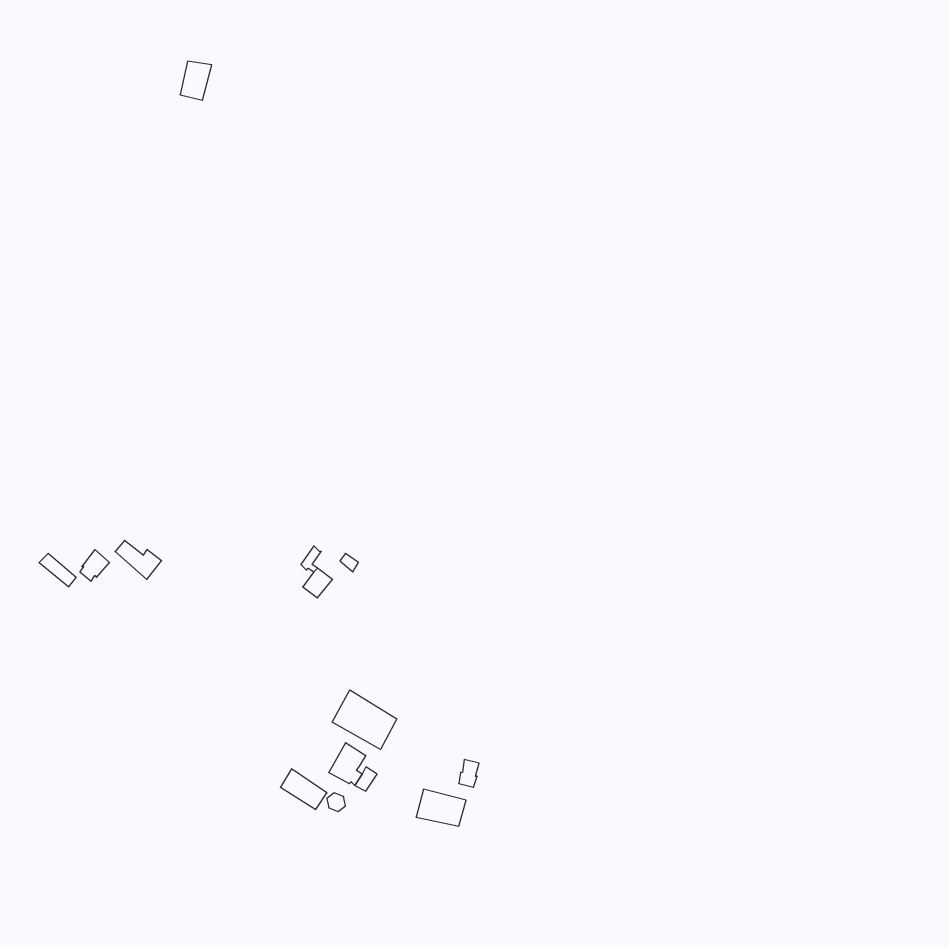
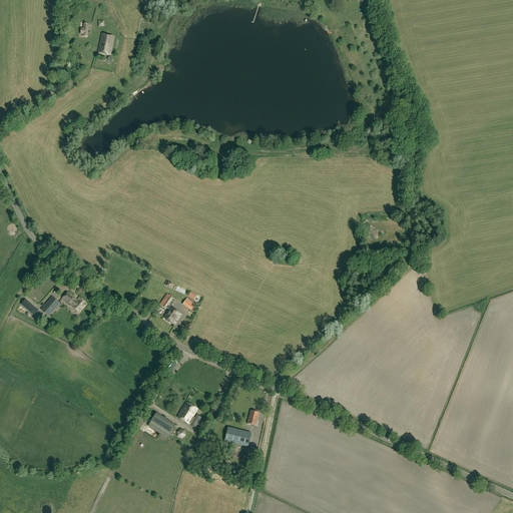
building: [332,690,397,749] -> none

